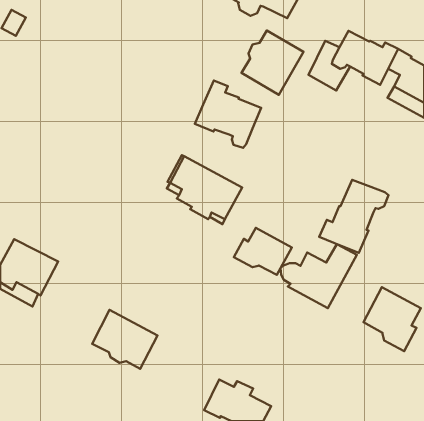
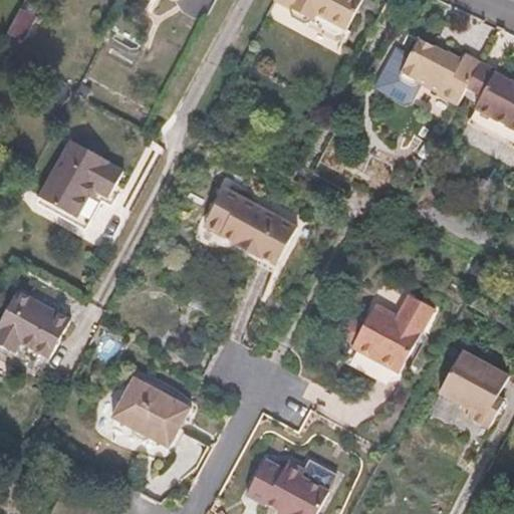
building: [241,30,303,95] -> none
building: [195,80,261,148] -> none
building: none -> [38,139,122,220]
building: [319,180,388,253] -> none
building: [234,228,292,275] -> none

